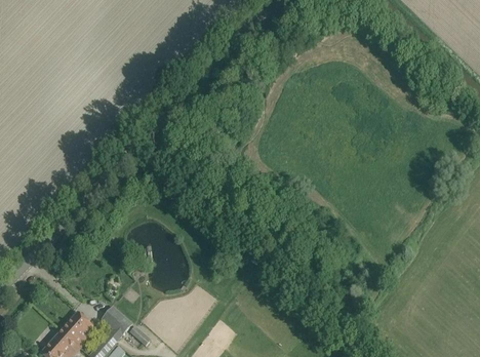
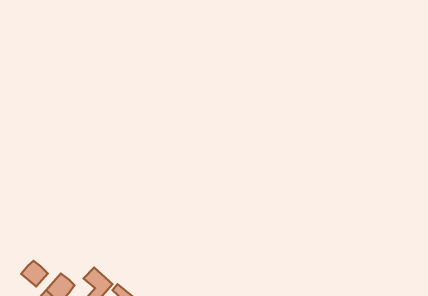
building: none -> [21,261,48,287]

